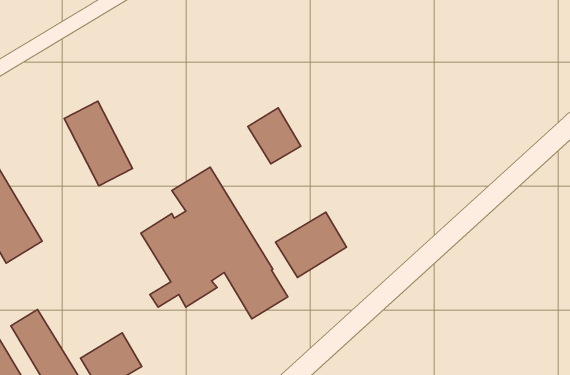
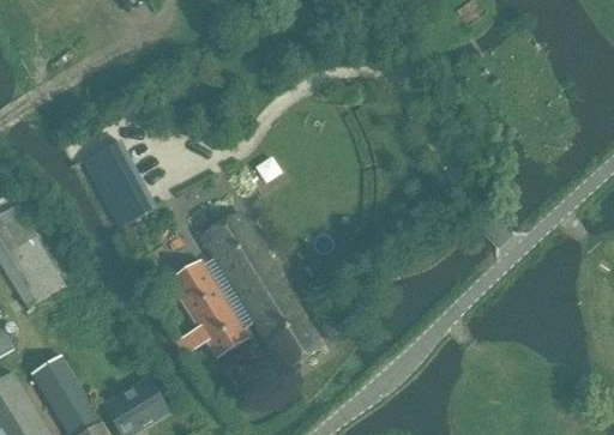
building: [248,108,301,164] -> none
building: [276,212,346,278] -> none

